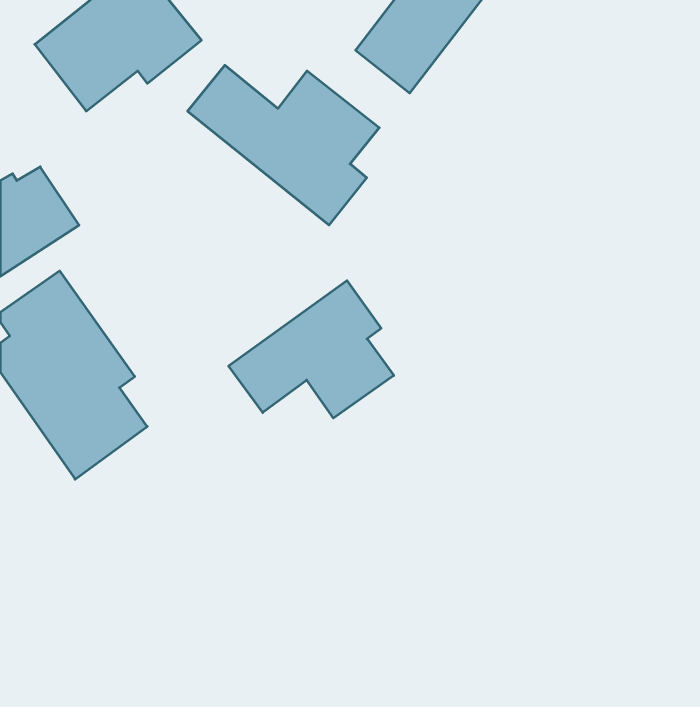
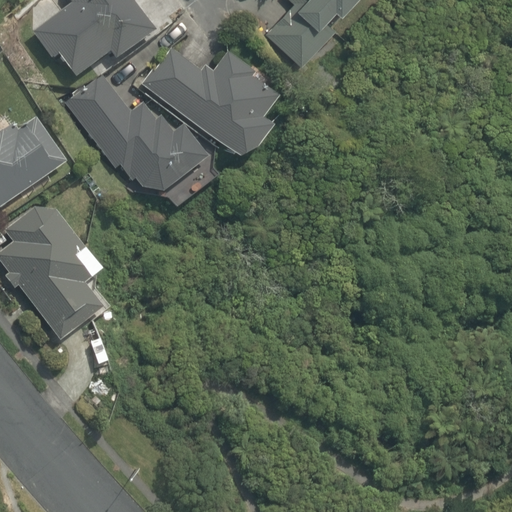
building: none -> [69,75,209,203]
building: [229,281,394,418] -> none

